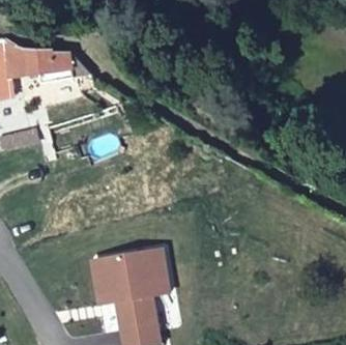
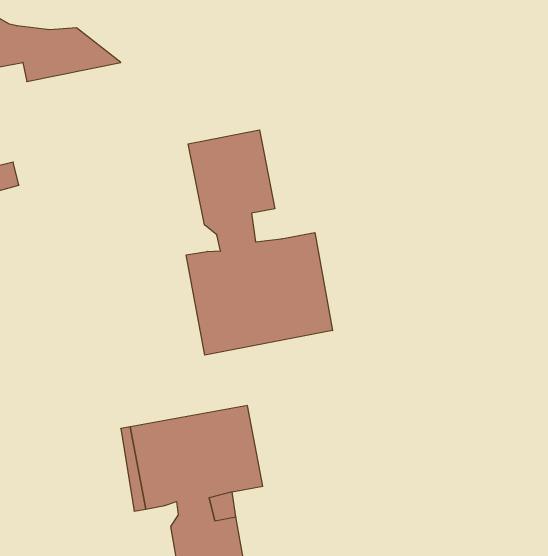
building: none -> [186,130,333,355]

